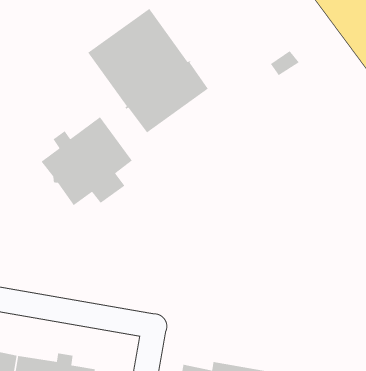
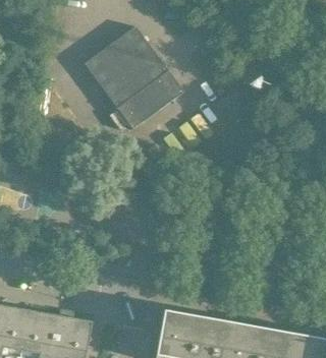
building: [40,116,139,206] -> none

